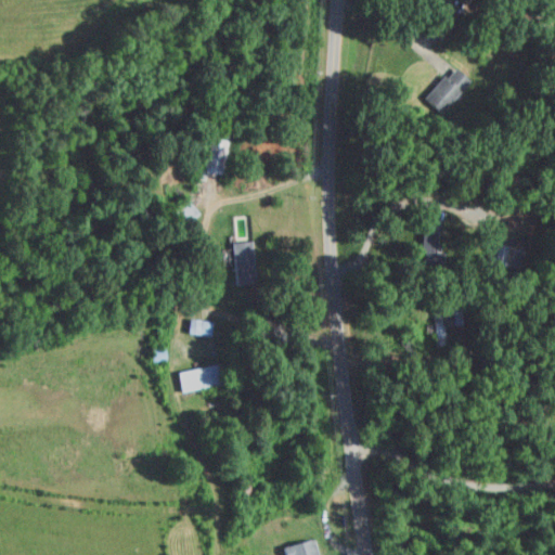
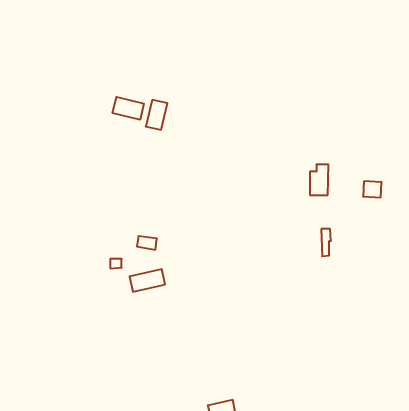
building: [425,69,472,117] -> none
building: none -> [113,97,144,120]
building: [234,242,256,285] -> none

